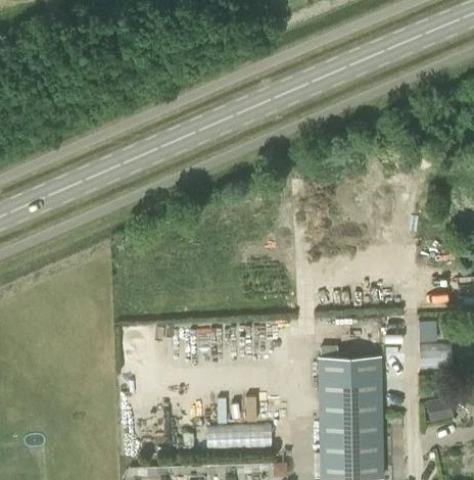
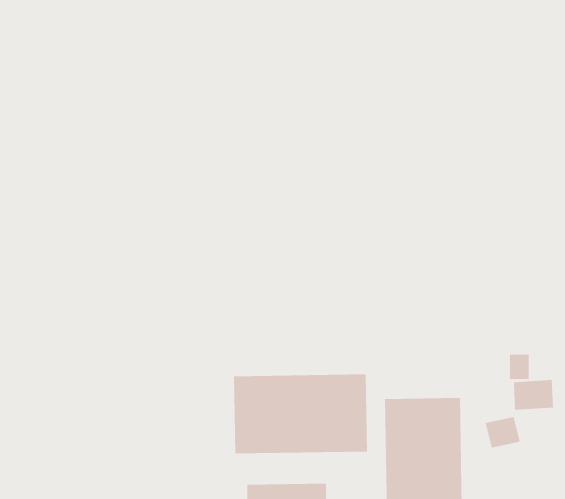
building: none -> [233,374,367,454]
building: [427,396,456,422] -> [485,416,521,448]

